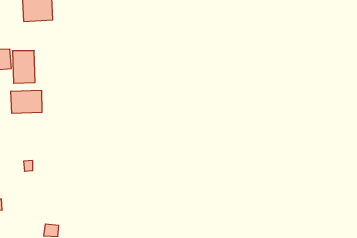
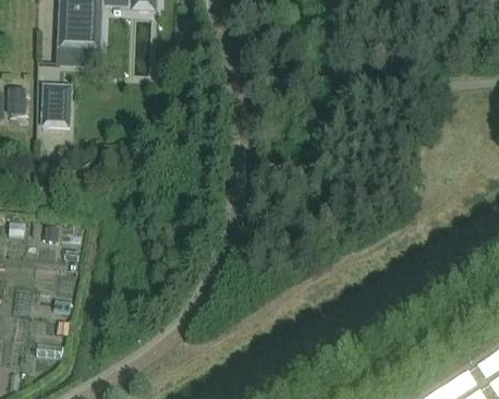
building: [11,90,42,113] -> none

